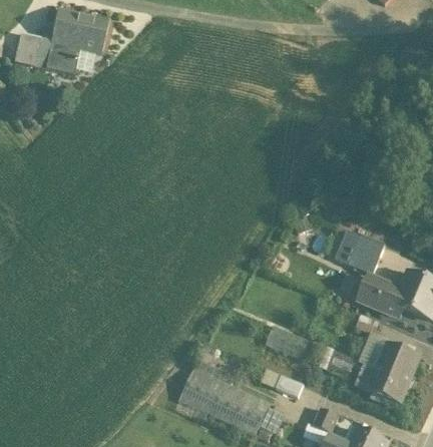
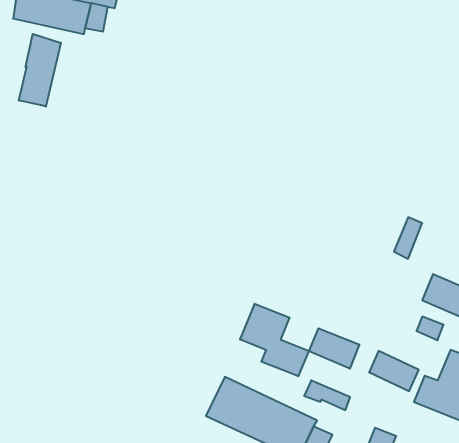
building: none -> [19,34,61,107]
building: [348,235,384,275] -> none
building: none -> [240,304,309,376]

